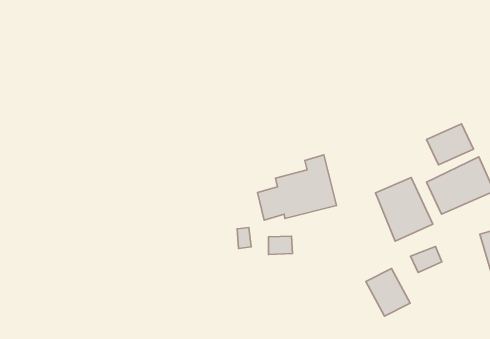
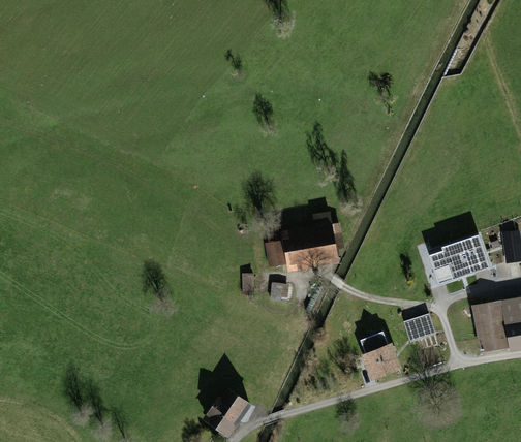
building: [426,124,474,165] -> none
building: [375,177,433,241] -> none

